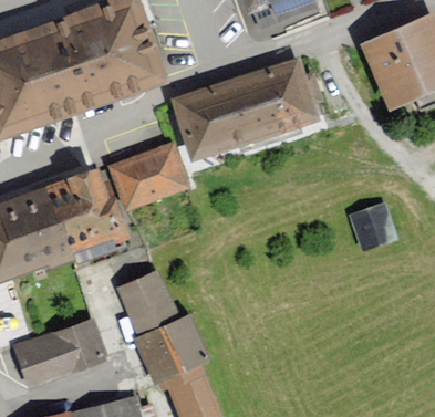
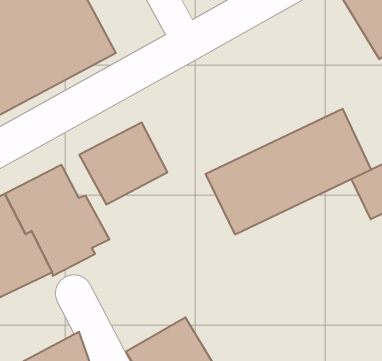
building: [176,62,322,159] -> [205,109,371,234]
building: [116,271,177,336] -> none

